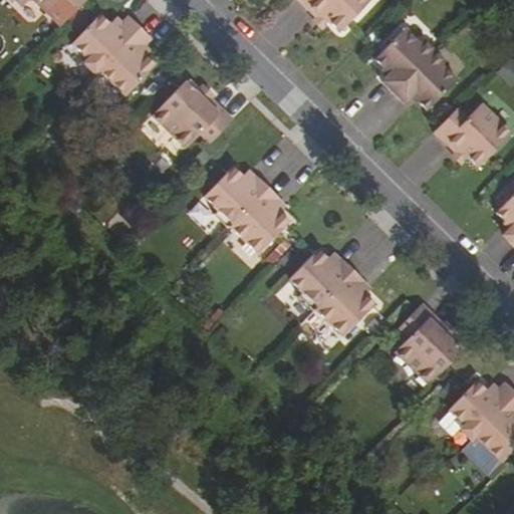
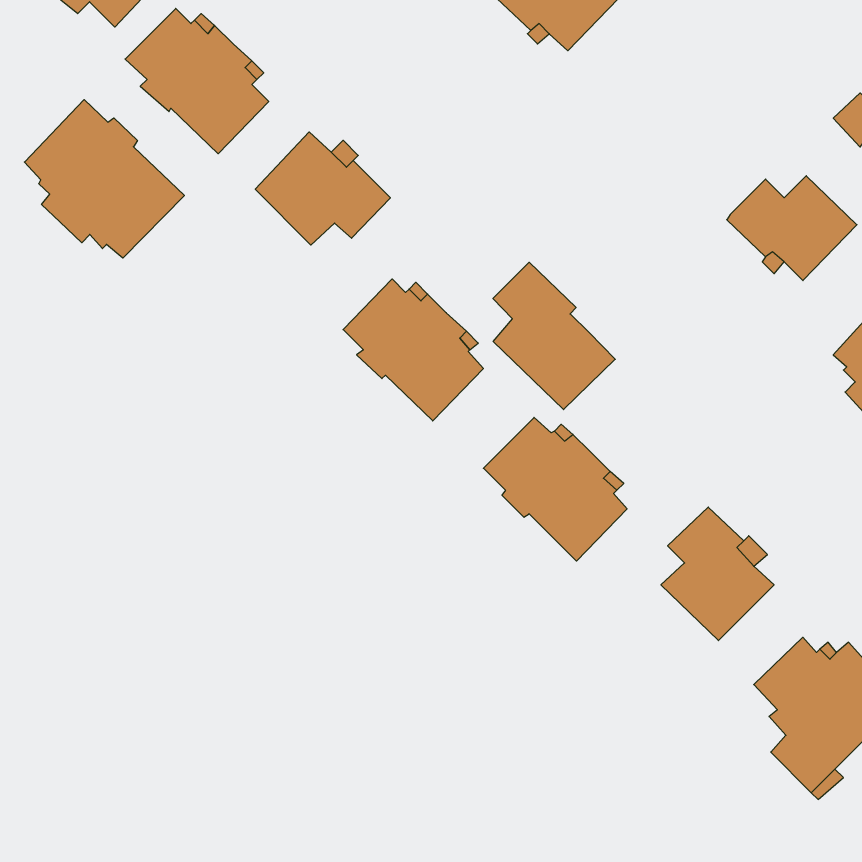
building: [374,28,456,108] -> none
building: none -> [24,100,184,258]
building: none -> [493,262,615,410]

